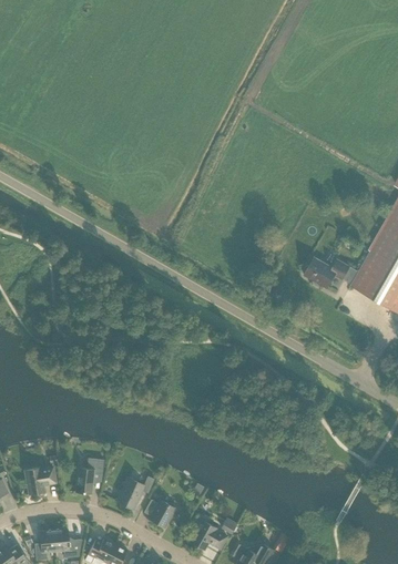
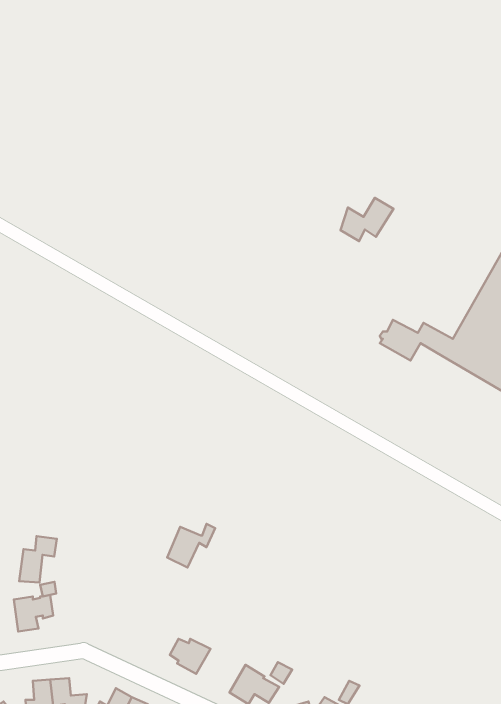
building: none -> [340,198,394,241]
building: [73,458,102,493] -> [19,536,57,583]
building: [115,475,152,509] -> [167,524,215,568]

